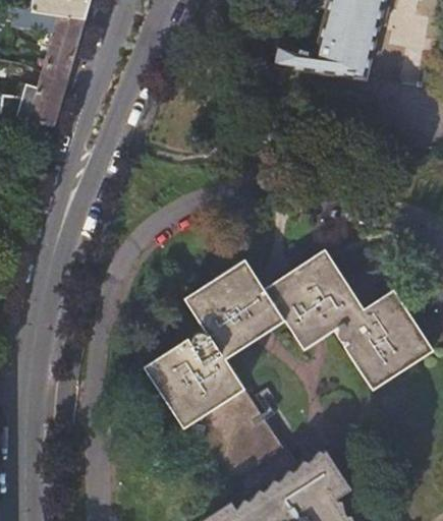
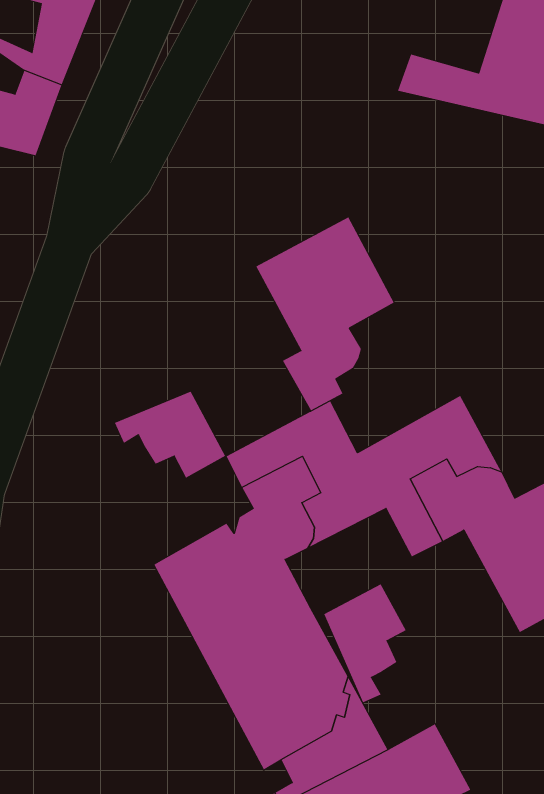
building: none -> [255,216,395,411]
building: none -> [114,391,226,479]
building: none -> [324,583,407,703]

